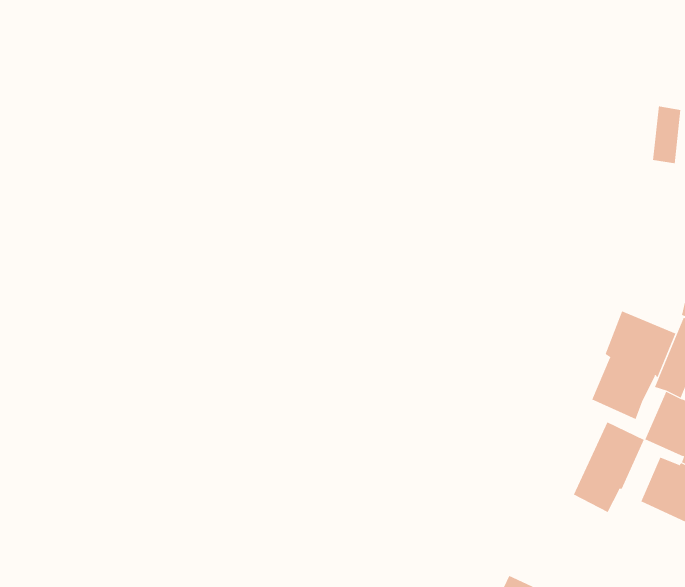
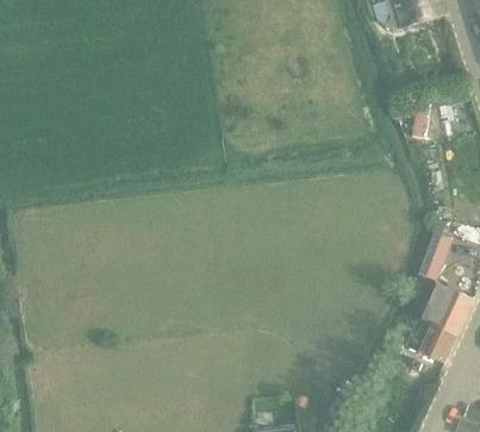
building: [592,311,676,420] -> none
building: [573,422,644,513] -> none

